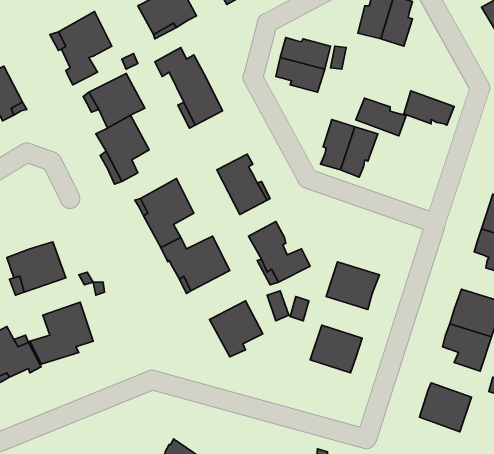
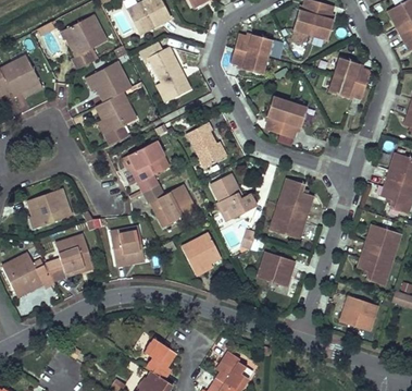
building: [356,98,406,136] -> [333,58,371,86]
building: none -> [277,178,314,213]
building: none -> [110,227,145,267]

